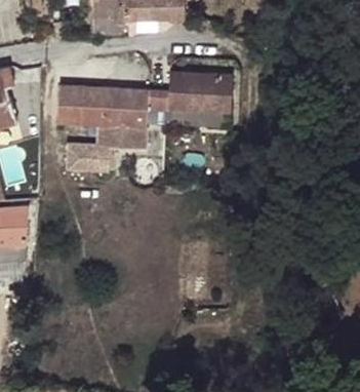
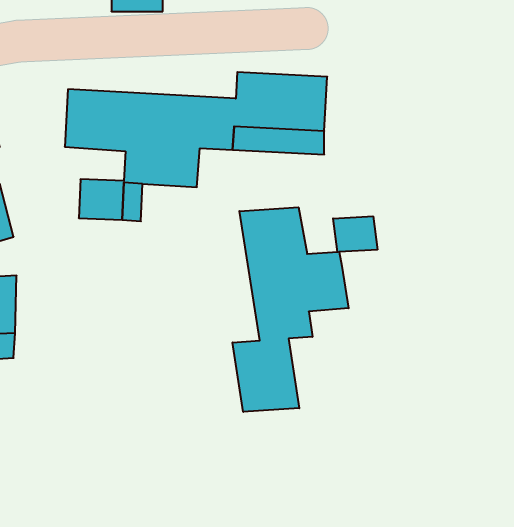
building: none -> [233,207,377,412]

